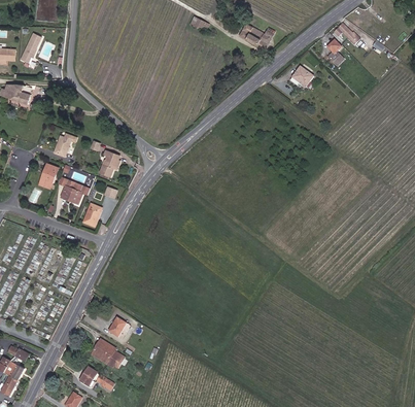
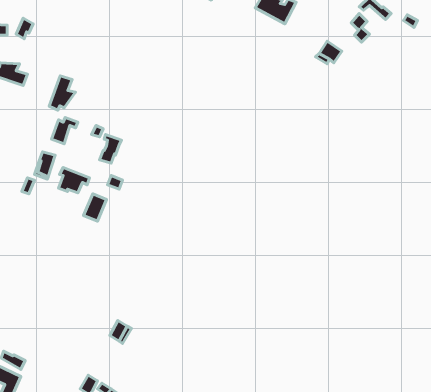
building: none -> [49,76,75,110]
building: [91,339,122,369] -> none

